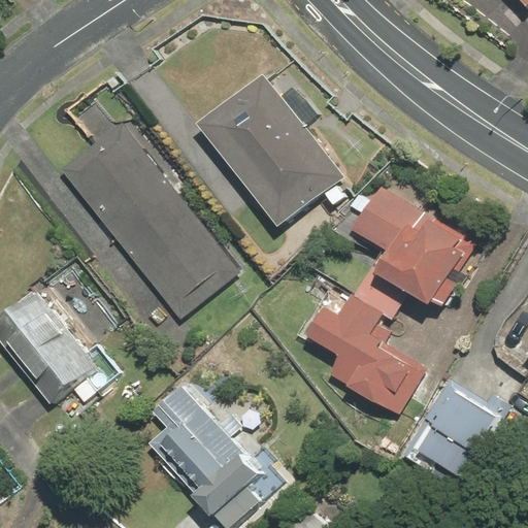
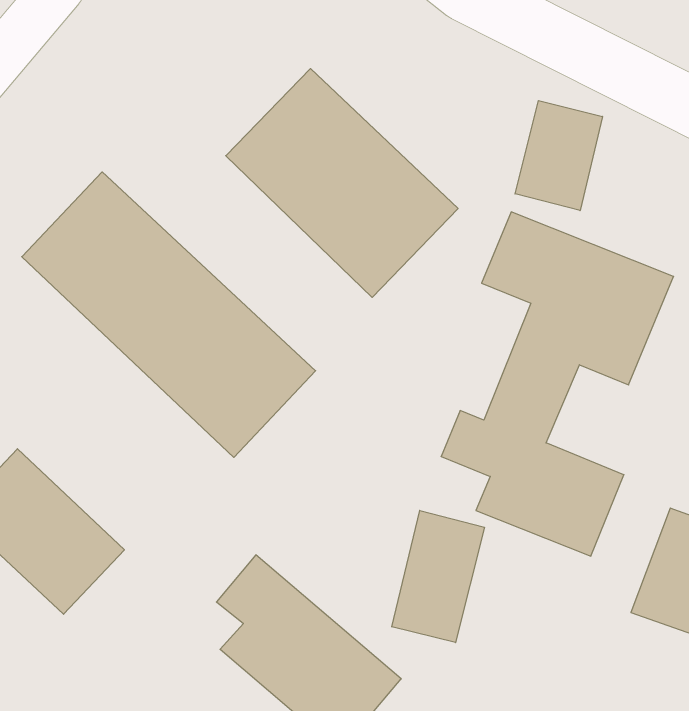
building: none -> [515,101,602,211]
building: none -> [392,510,484,643]

